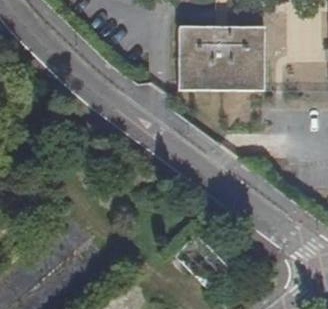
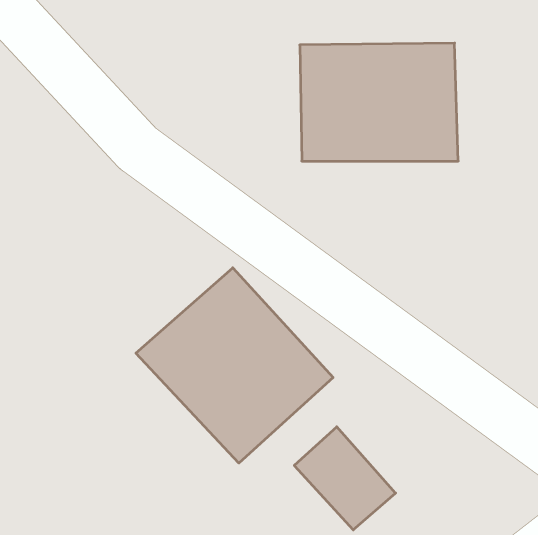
building: none -> [136,268,333,463]

